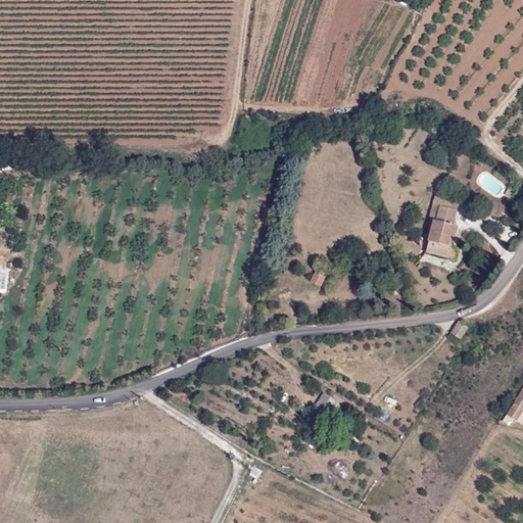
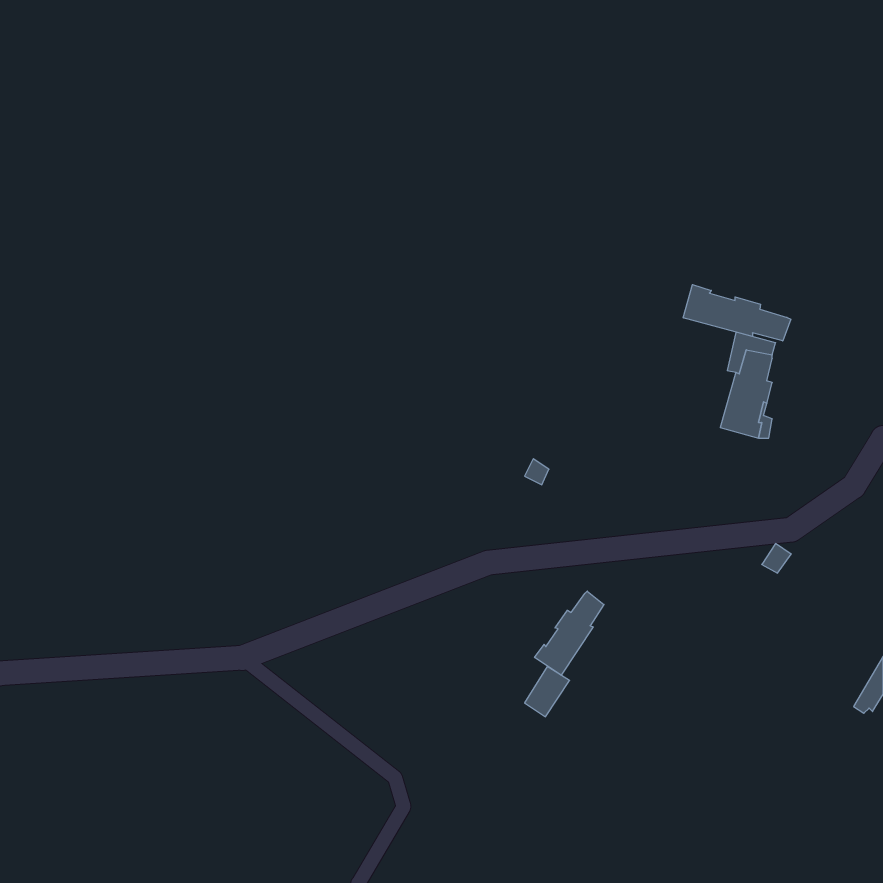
building: none -> [683,285,791,341]
building: none -> [535,591,604,675]

